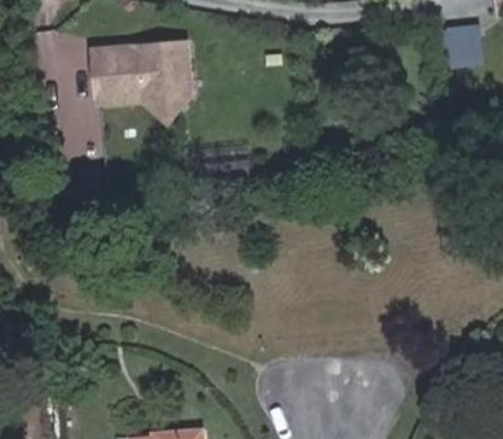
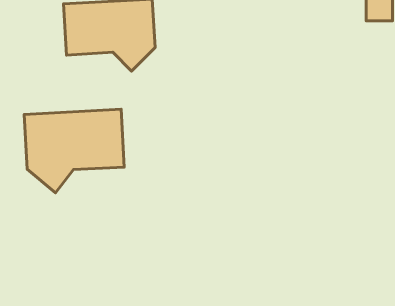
building: none -> [24,109,124,193]

